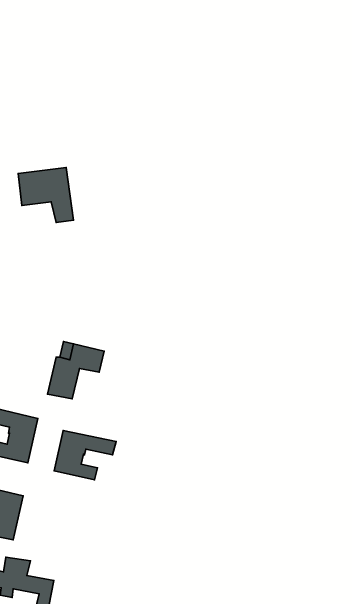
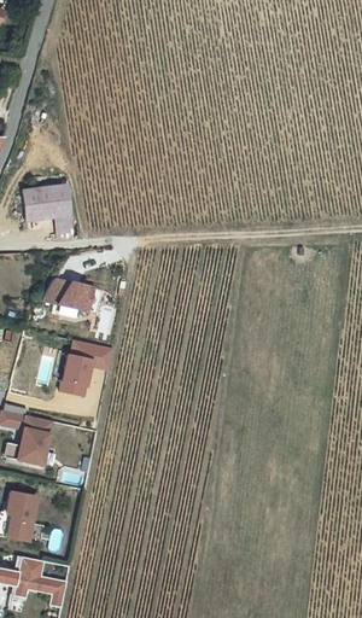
building: none -> [43,280,97,316]
building: [54,431,116,480] -> none

